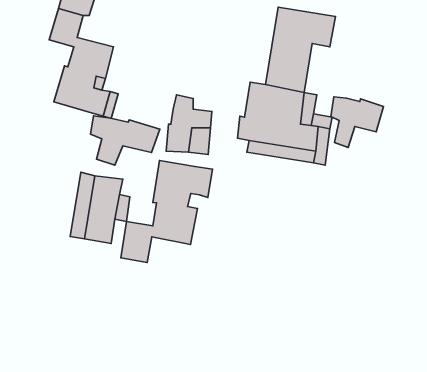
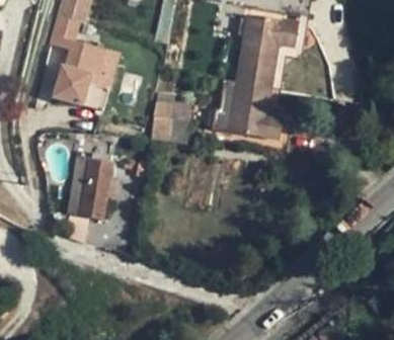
building: [331,97,383,147] -> none
building: [90,116,160,165] -> none
building: [121,160,213,262] -> none

